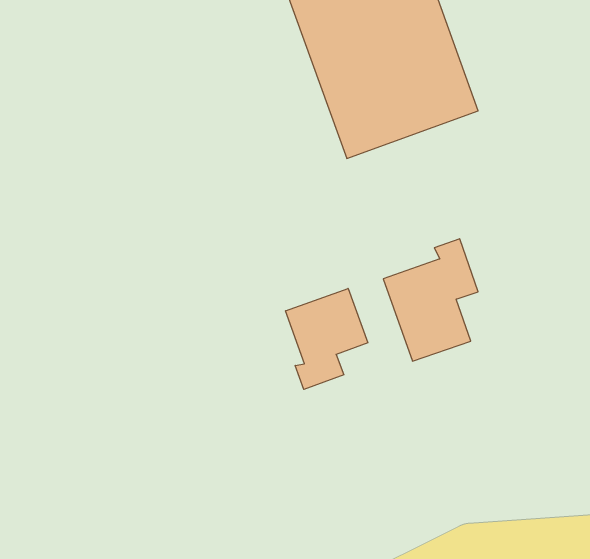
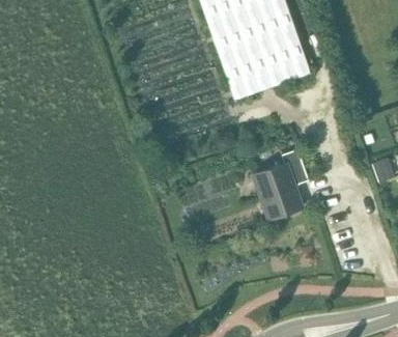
building: [286,288,368,389] -> none

